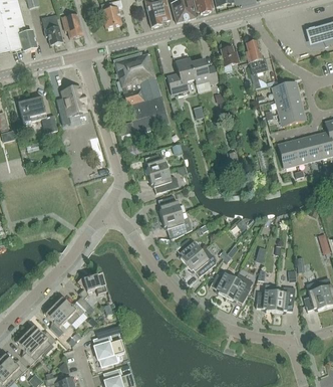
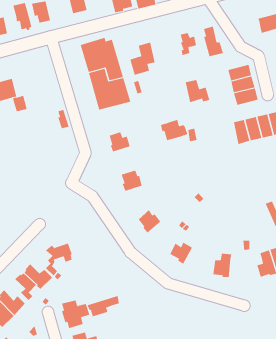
building: [191,59,218,84] -> [185,79,210,103]
building: [55,86,85,125] -> none
building: [148,170,179,193] -> [160,119,188,141]
building: [161,212,192,239] -> none
building: [186,246,216,276] -> none
building: [225,273,253,304] -> none
building: [274,285,295,312] -> none
building: none -> [87,295,120,317]

